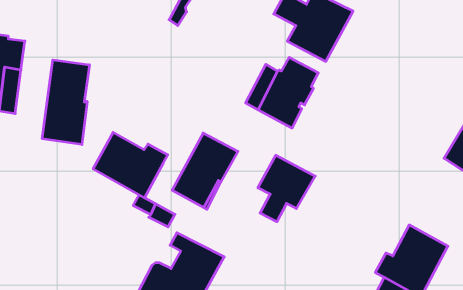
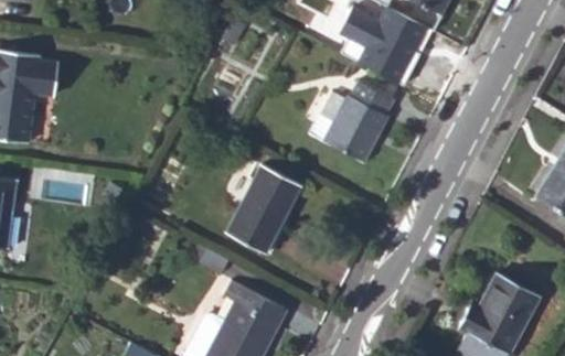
building: [42,60,89,145] -> none
building: [93,132,168,198] -> none
building: [258,155,315,222] -> none

